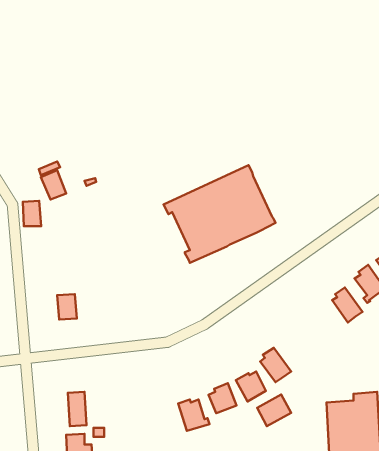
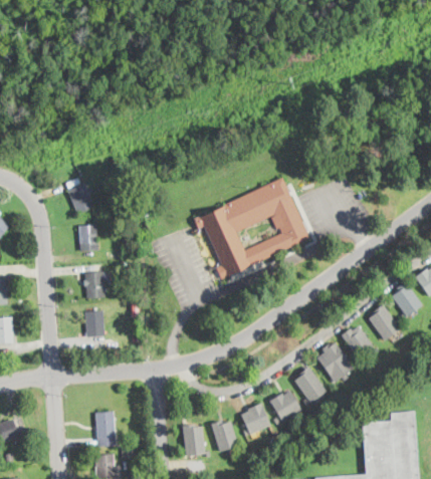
building: [23,201,41,226] -> [79,225,98,251]
building: none -> [84,272,103,299]
building: none -> [341,325,374,358]
building: none -> [316,342,354,382]
building: [257,395,291,426] -> none
building: none -> [182,424,210,457]

